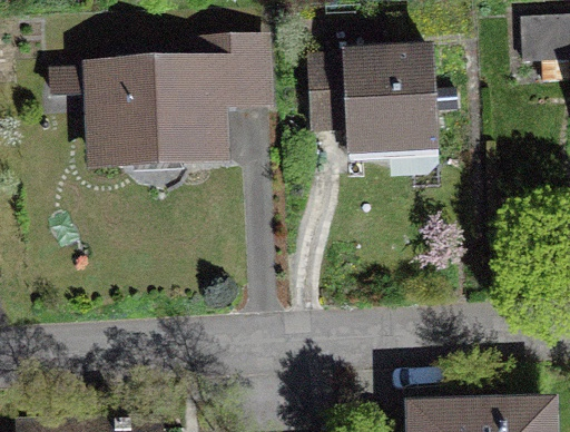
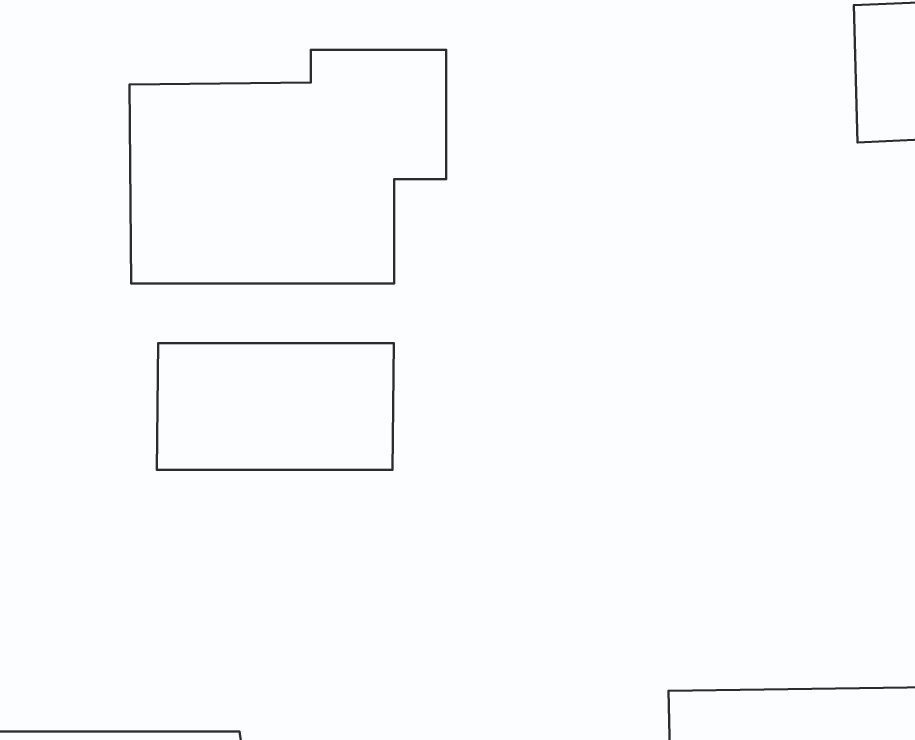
building: [333,52,431,150] -> none
building: none -> [157,343,394,470]

